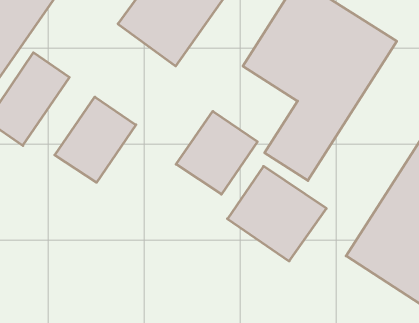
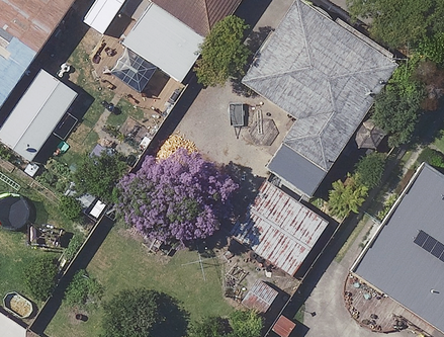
building: [55,97,136,182] -> none
building: [176,111,257,194] -> none

